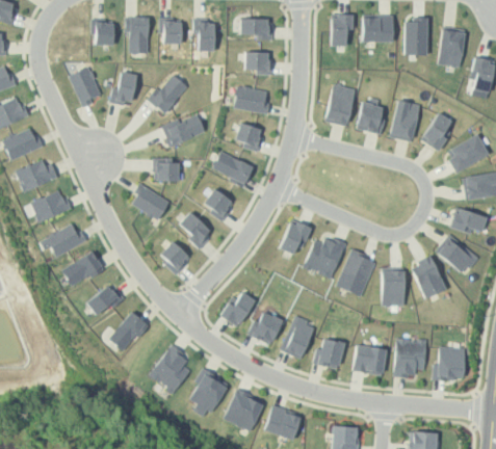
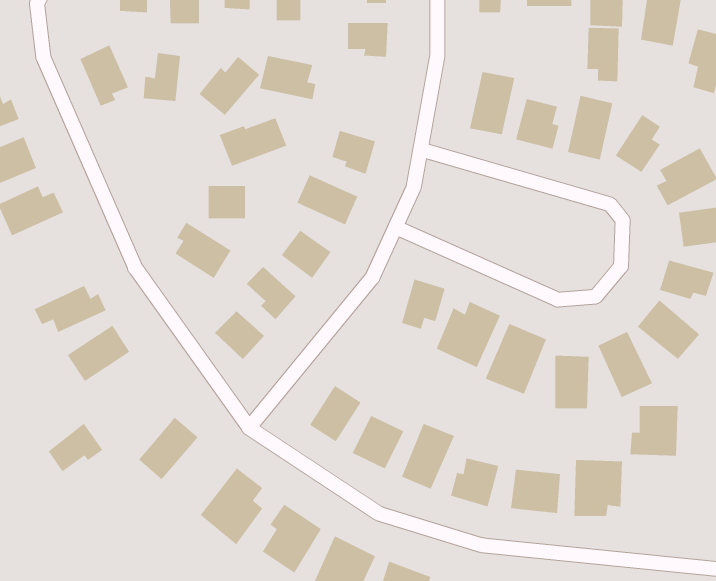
building: none -> [587,27,619,82]
building: [233,85,270,114] -> [259,55,316,100]
building: [31,189,71,222] -> none
building: [86,283,123,315] -> [48,423,103,472]
building: [433,347,465,380] -> [629,405,679,456]

